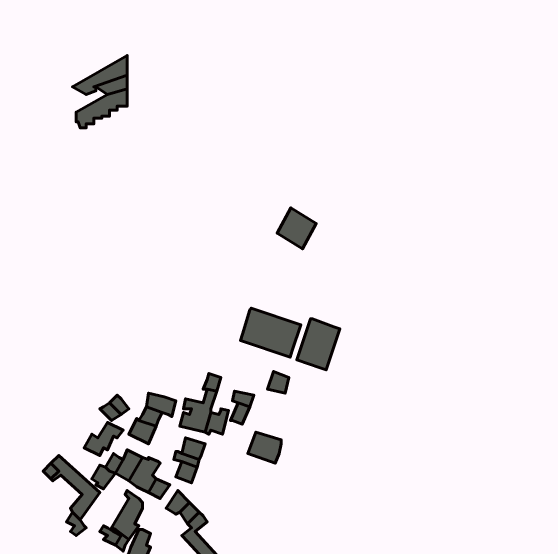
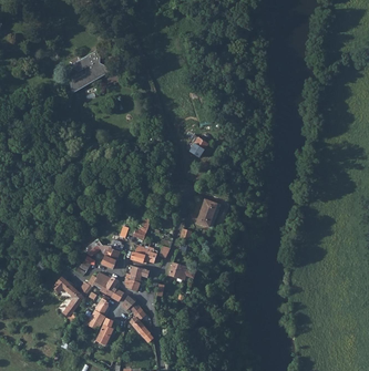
building: [240,308,301,357] -> none

